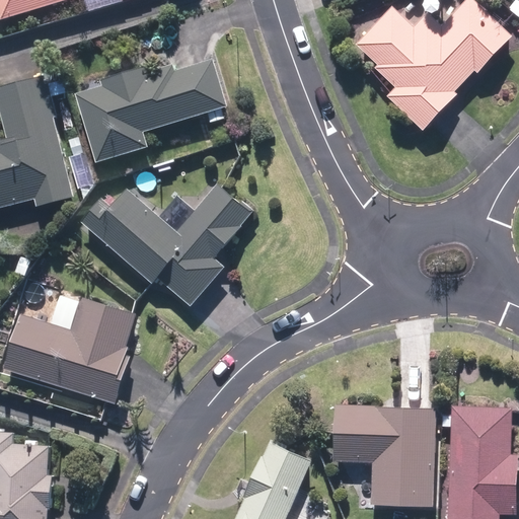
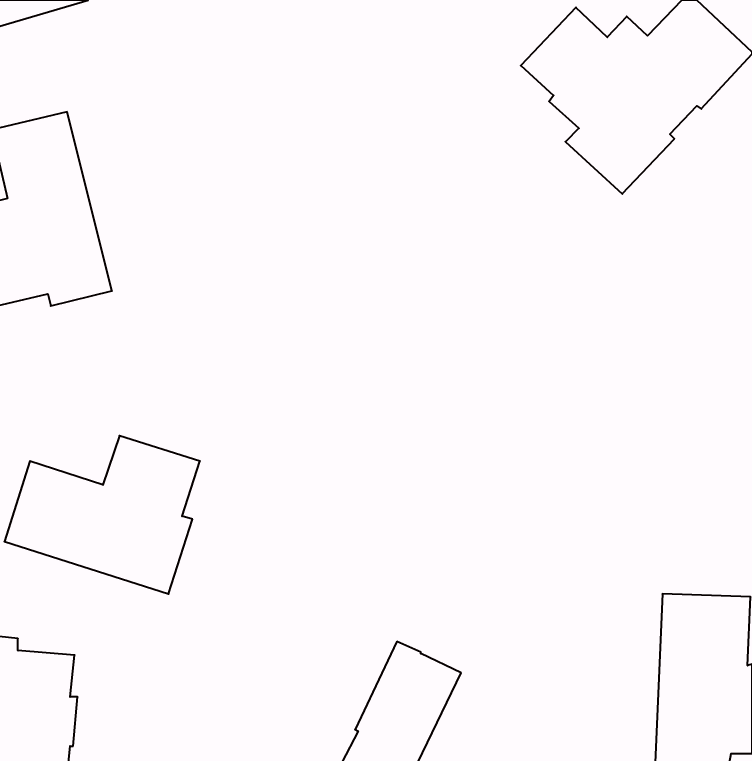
building: [74,60,228,163] -> none
building: [78,183,251,306] -> none
building: [330,402,434,506] -> none

